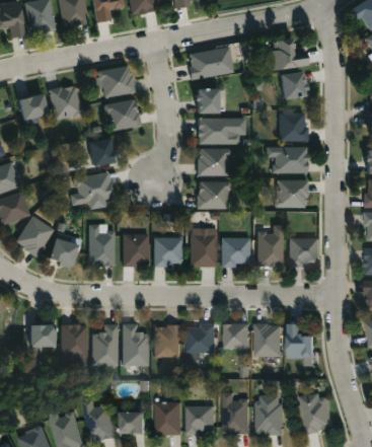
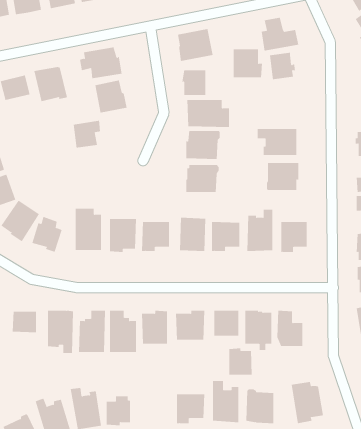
building: [278,113,307,141] -> [233,49,263,78]
building: [69,172,110,206] -> none
building: none -> [229,348,252,375]
building: [156,401,182,436] -> none

